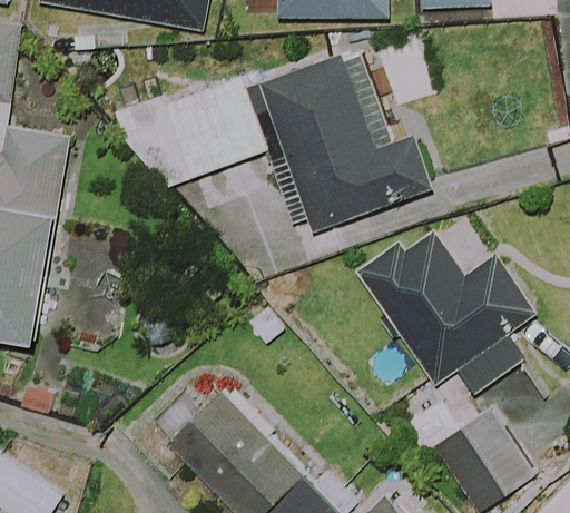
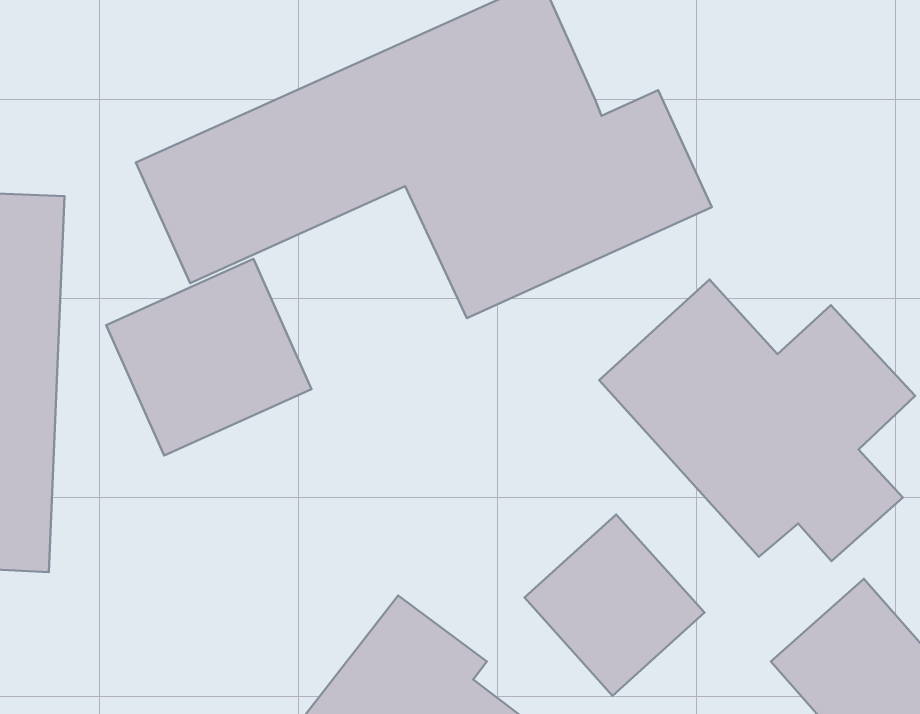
building: none -> [106,259,312,456]
building: none -> [524,514,704,696]

